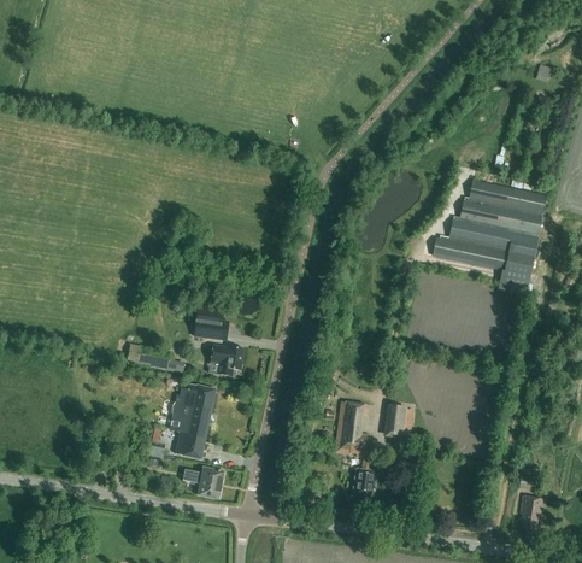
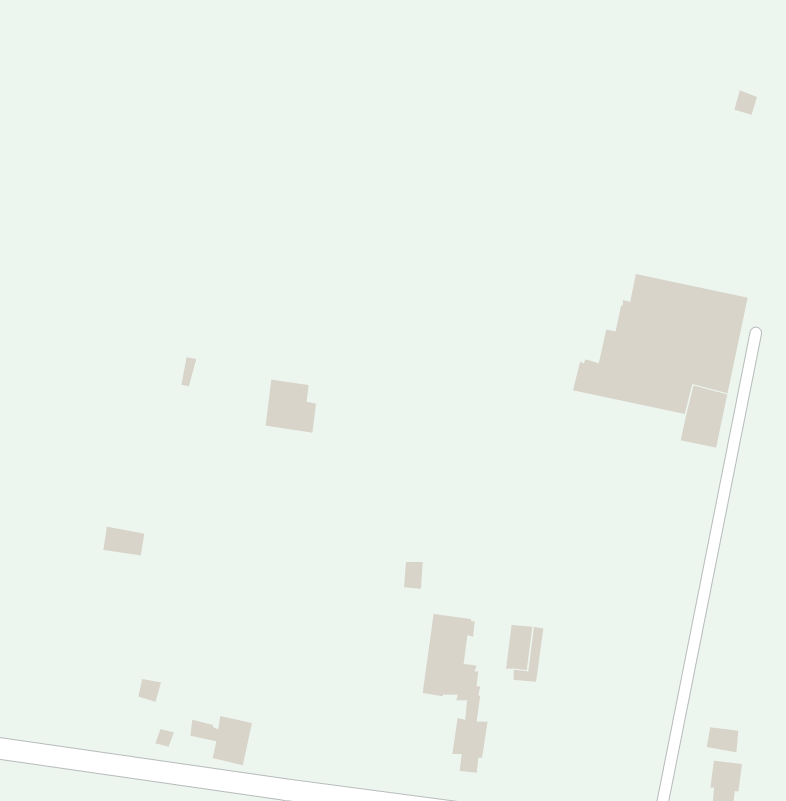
building: [194,305,228,340] -> [265,379,317,433]
building: [210,344,243,376] -> none
building: [170,383,216,459] -> none

